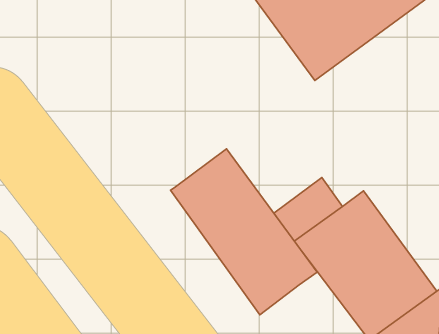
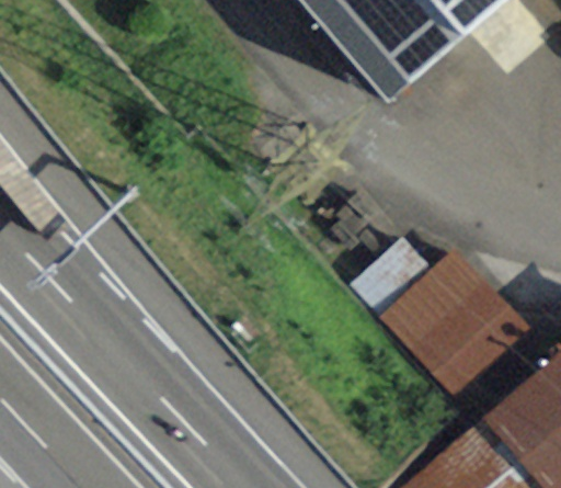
building: [171,149,317,315] -> none

